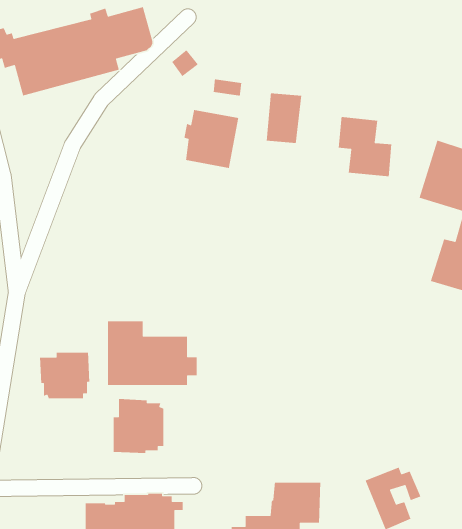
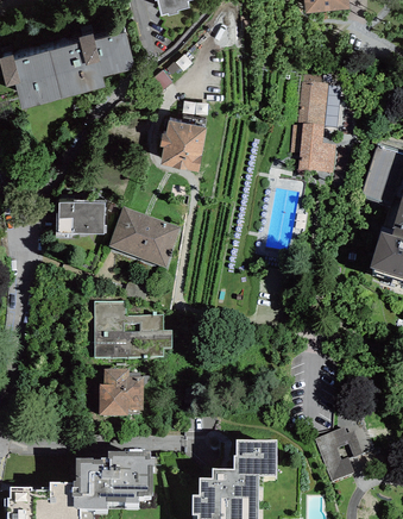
building: [266,92,302,144] -> [300,83,330,127]
building: none -> [58,201,103,233]
building: none -> [108,206,180,267]
building: [39,352,90,399] -> none

